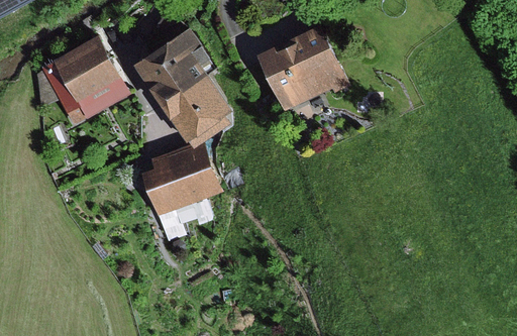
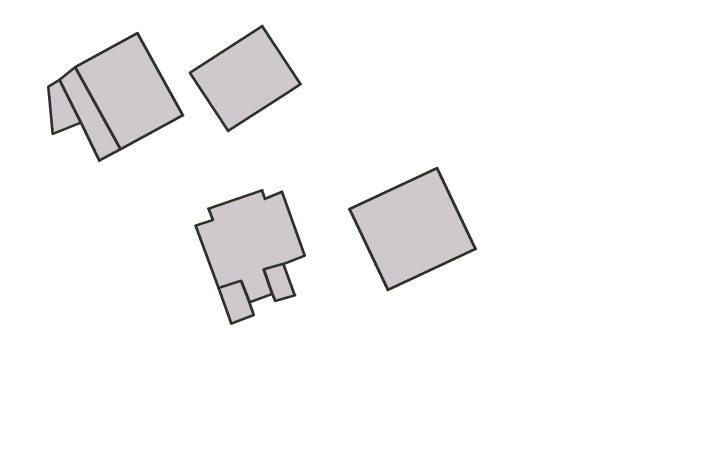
building: [257,25,347,112] -> [349,168,476,290]
building: [164,77,229,148] -> none

